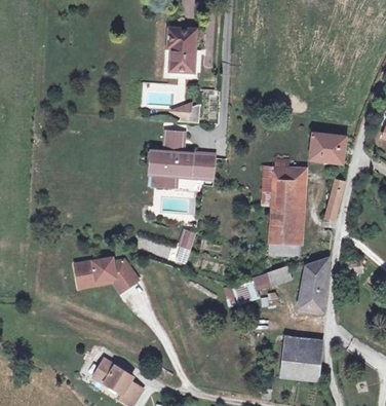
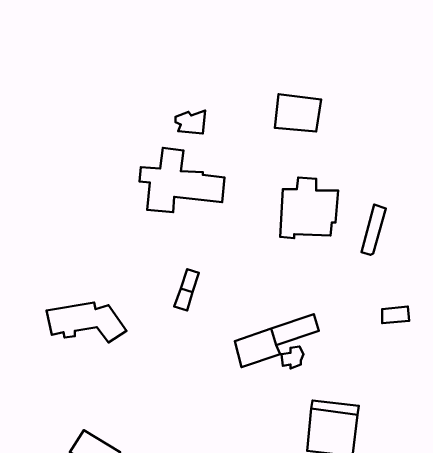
building: [166,28,195,74] -> none
building: [309,133,346,162] -> [275,94,321,132]
building: [268,204,300,256] -> none
building: [298,258,329,312] -> none

